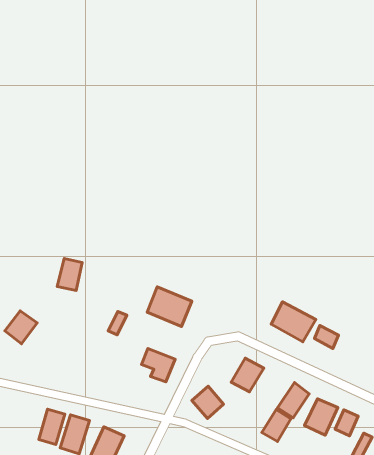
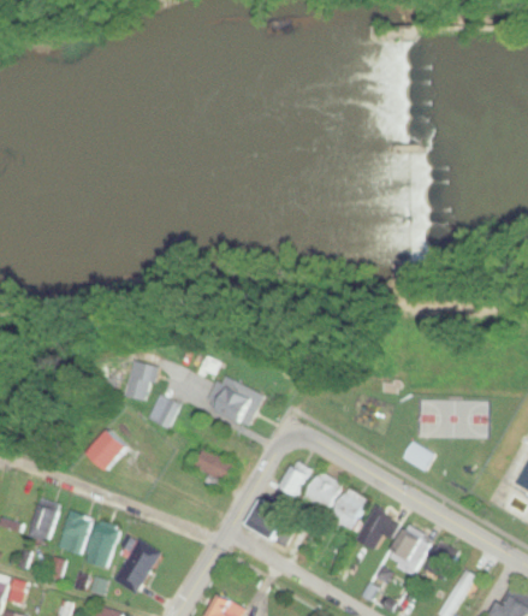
building: [57,258,82,290] -> [124,360,158,401]
building: [271,302,316,342] -> none
building: [5,311,37,344] -> [84,430,125,470]
building: none -> [275,463,313,499]
building: none -> [26,502,57,543]
building: [262,410,291,442] -> [330,490,367,529]

